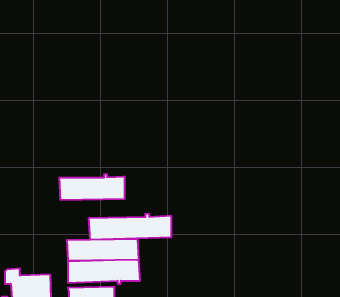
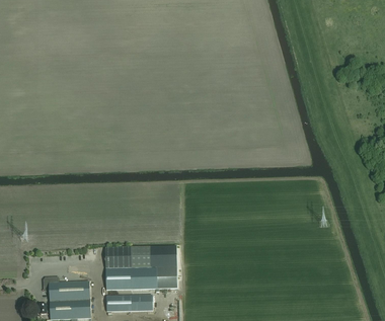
building: [60,174,124,200] -> none
building: [89,214,171,240] -> none

